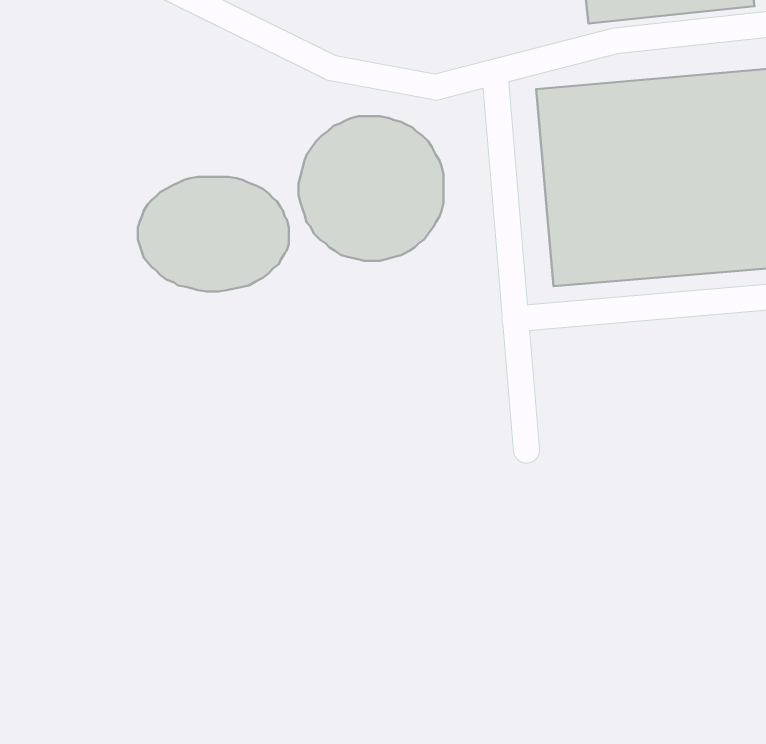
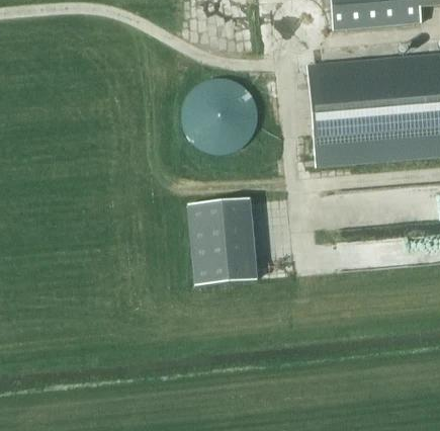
building: [138,177,289,292] -> none
building: none -> [188,199,253,286]

